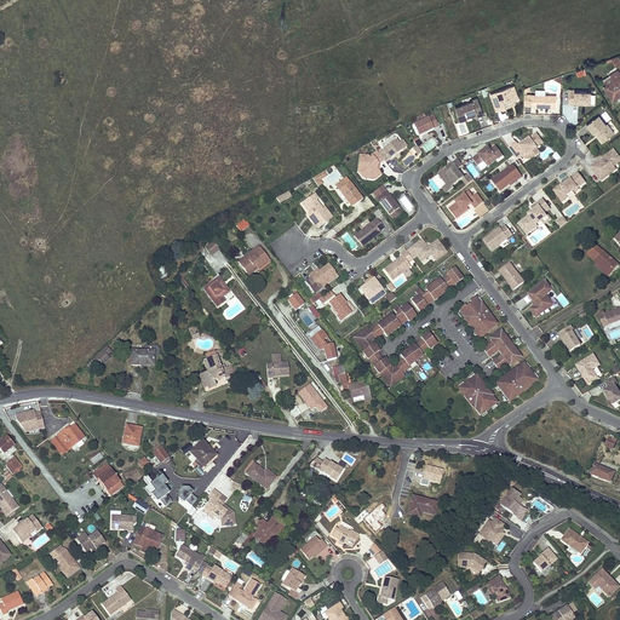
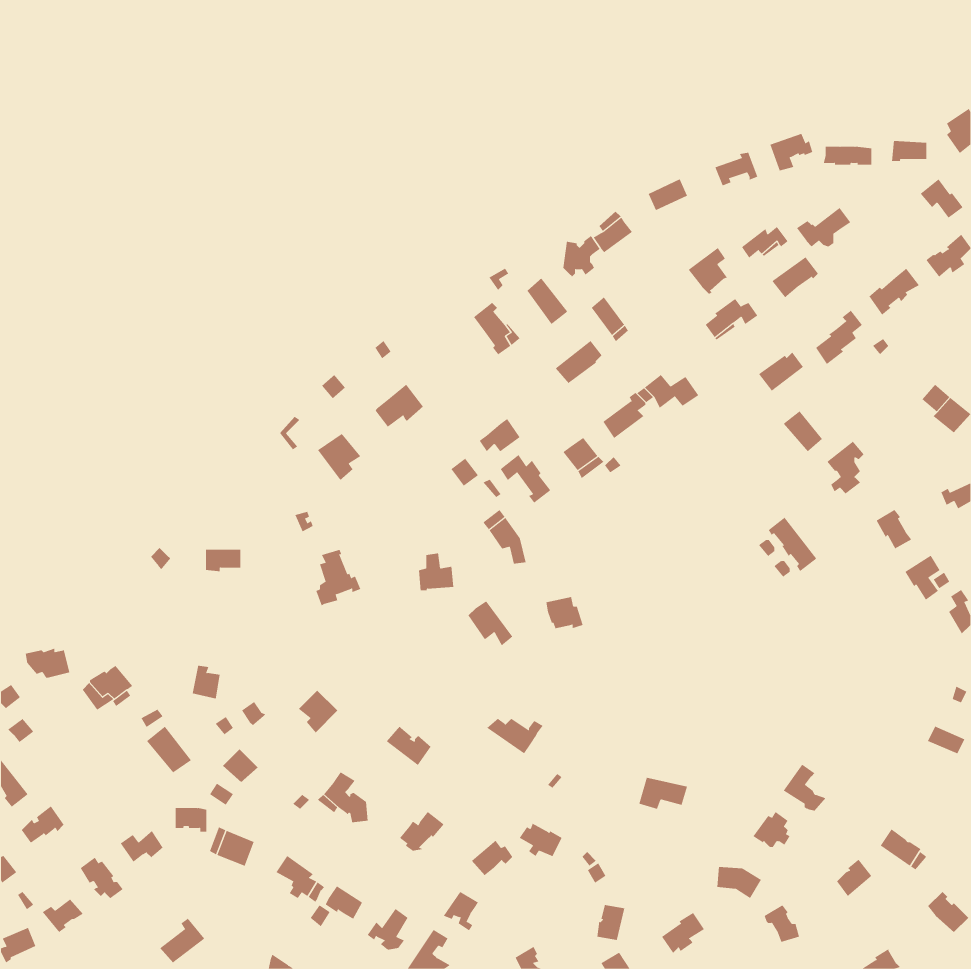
building: [412,266,461,311] -> none
building: [459,297,495,335] -> none
building: [356,304,436,383] -> none
building: [496,362,536,400] -> none
building: [459,374,496,414] -> none

